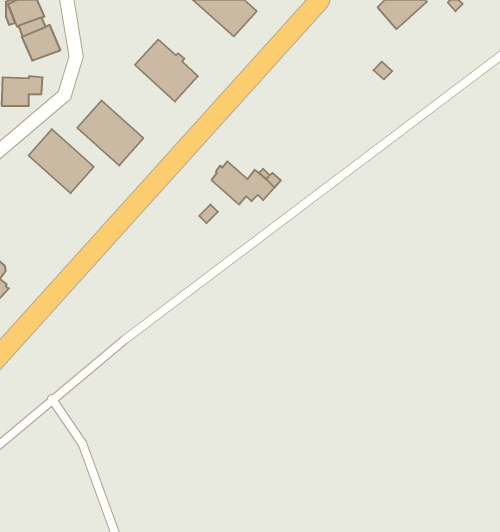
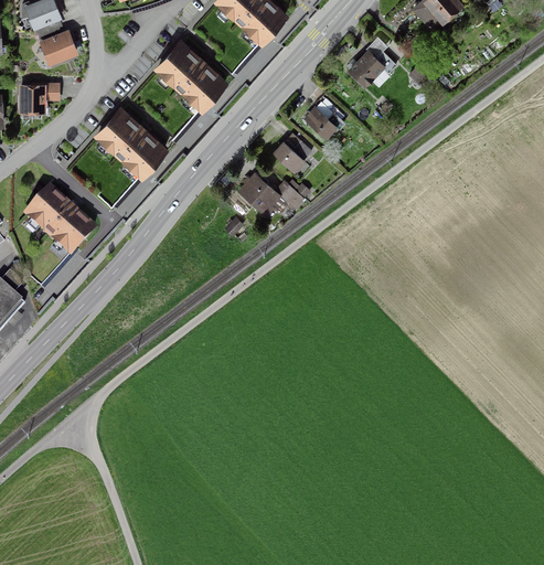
building: none -> [346,38,396,89]
building: none -> [302,100,344,140]
building: none -> [271,134,311,172]
building: [29,129,94,193] -> [25,189,94,256]

